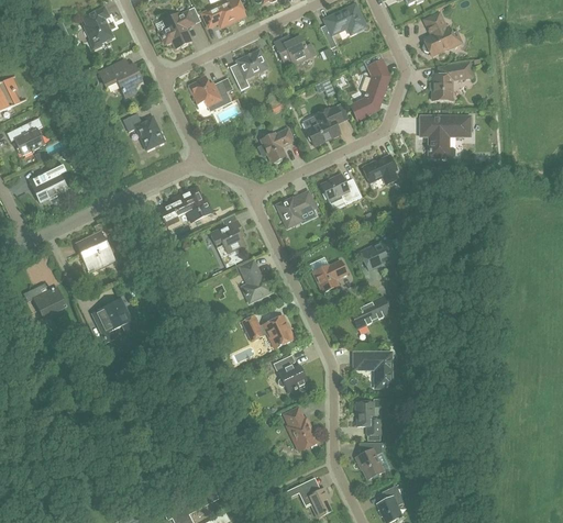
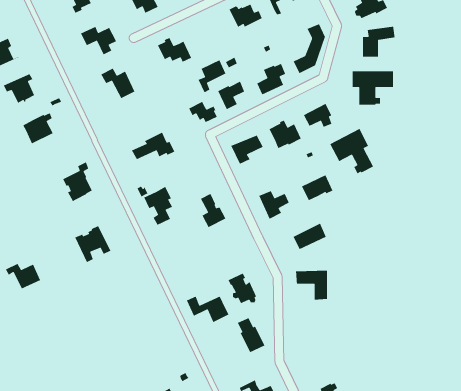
building: [233,48,267,89] -> [198,59,226,93]
building: none -> [188,101,218,123]
building: none -> [329,128,374,174]
building: [210,219,245,266] -> [143,186,173,226]
building: [23,286,66,318] -> [5,263,41,290]
building: [242,314,294,347] -> [186,295,230,323]
building: [355,401,379,434] -> none
building: [355,442,383,478] -> none

